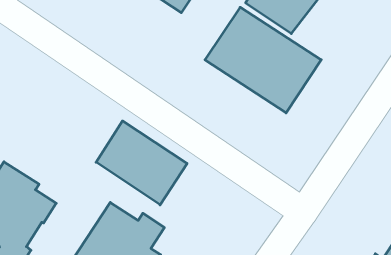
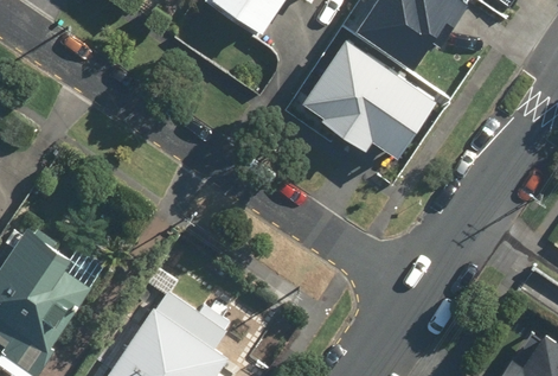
building: [96,121,187,205] -> none

